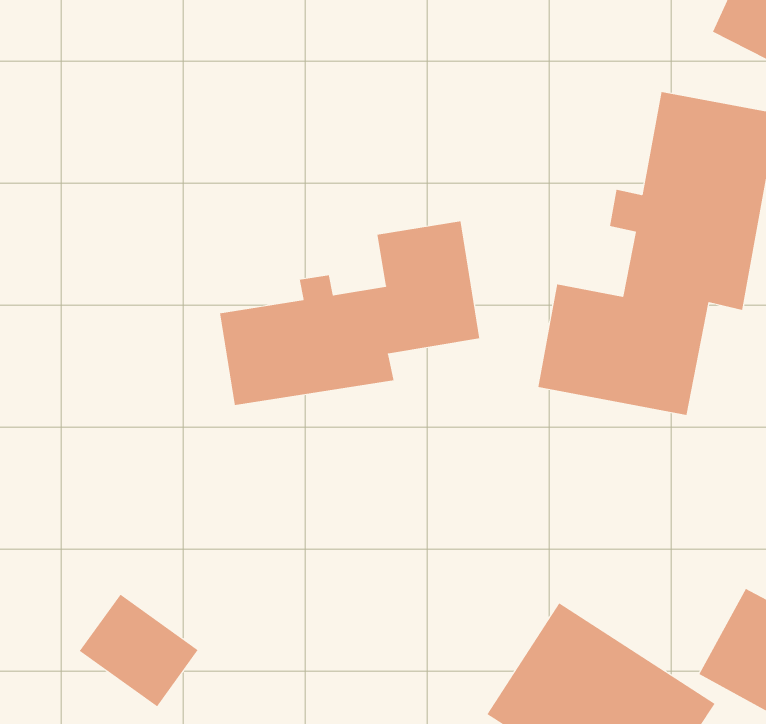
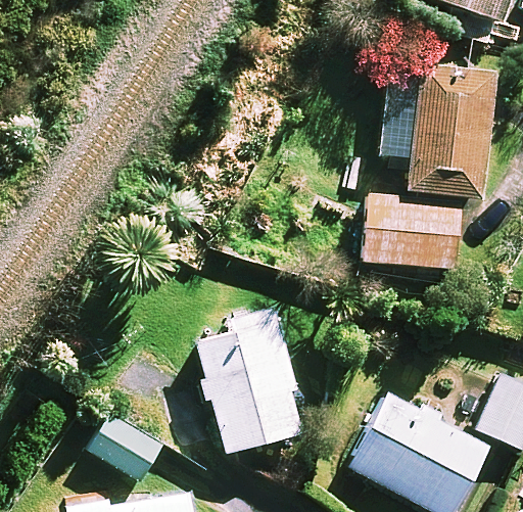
building: [219,221,480,406] -> none
building: none -> [197,306,306,454]

